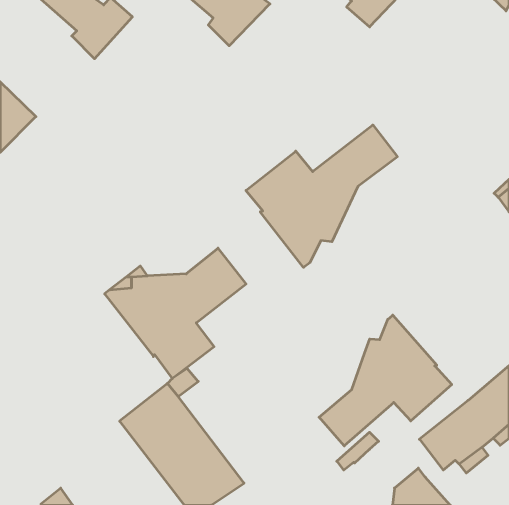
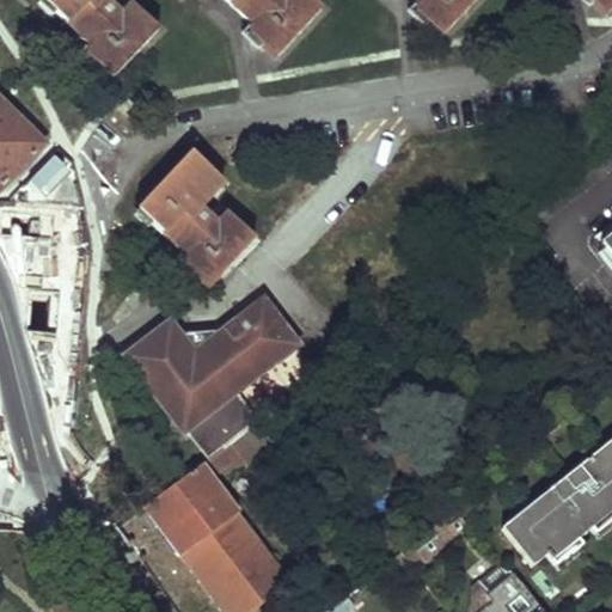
building: [246,125,397,267] -> none
building: none -> [137,152,255,287]
building: [319,315,452,446] -> none

